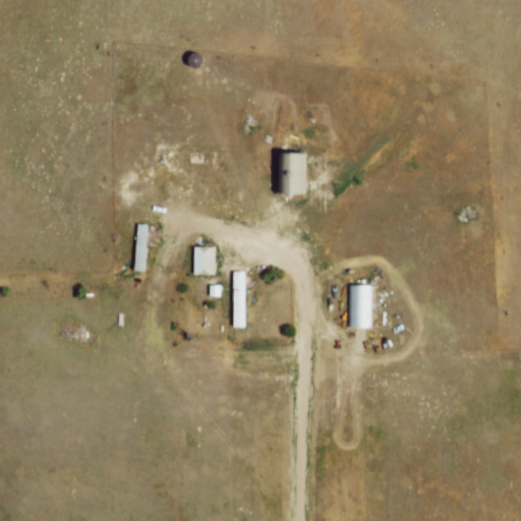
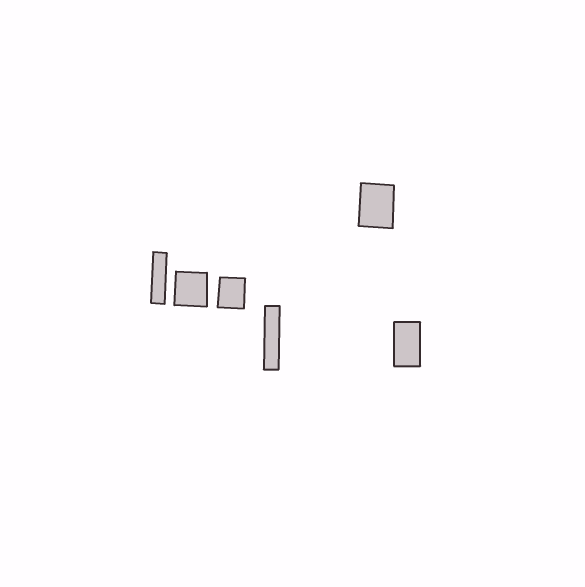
building: [279,153,310,192] -> [358,183,394,228]
building: none -> [174,271,207,307]

